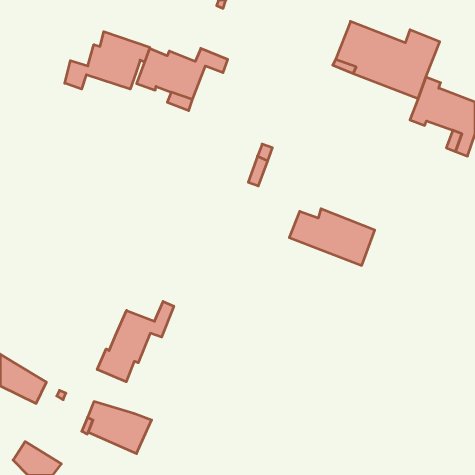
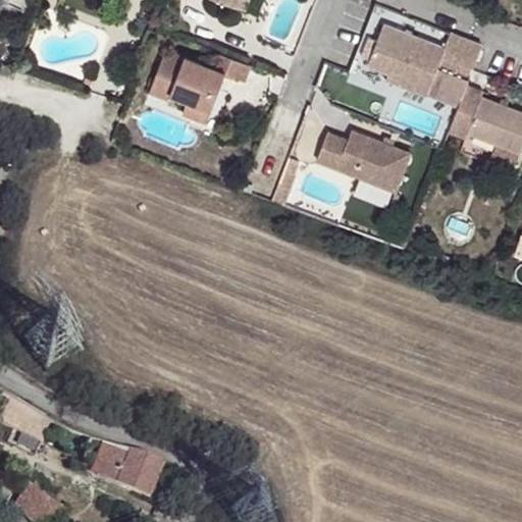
building: [65,32,150,89] -> none
building: [289,209,375,265] -> [317,129,411,192]
building: [97,301,174,382] -> none

